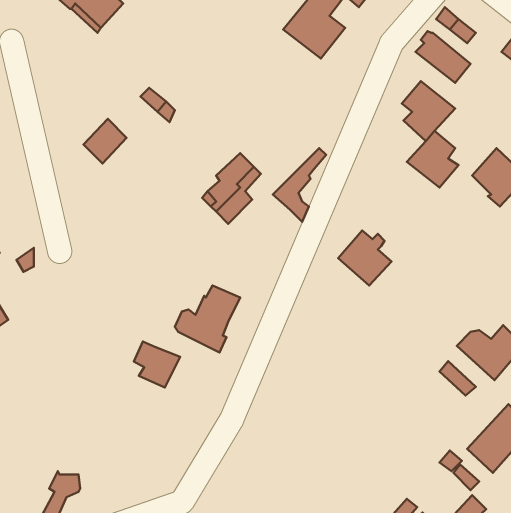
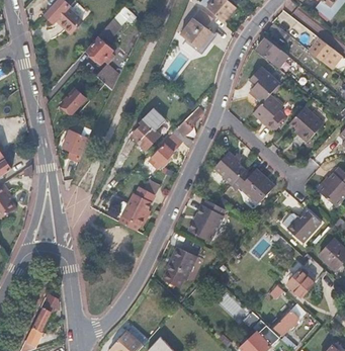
building: none -> [87,24,112,64]
building: none -> [62,127,91,161]
building: none -> [146,133,182,172]
building: none -> [229,168,273,203]
building: none -> [187,199,224,242]
building: [134,341,180,387] -> none
building: none -> [164,247,195,279]

